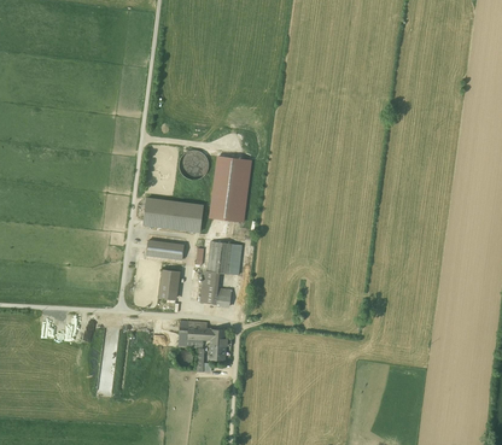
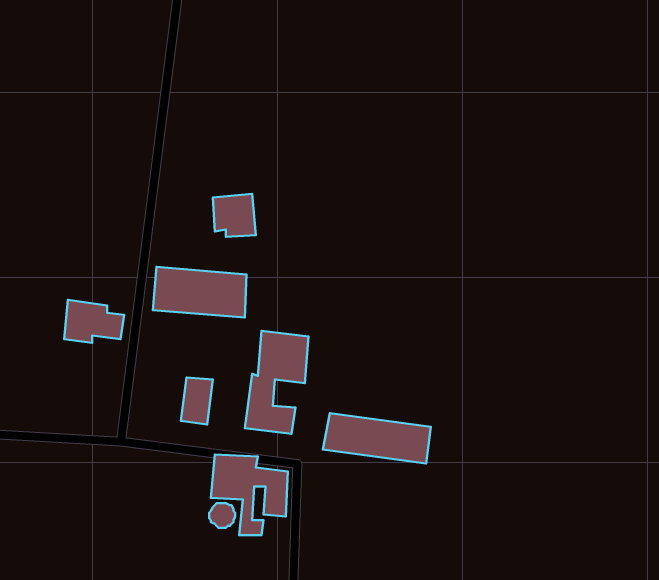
building: [209,157,251,223] -> none
building: [145,235,183,263] -> [64,300,124,343]
building: none -> [323,413,431,464]

